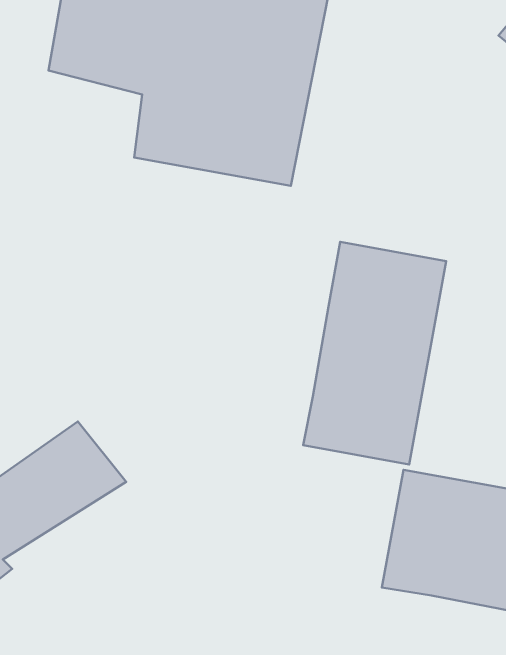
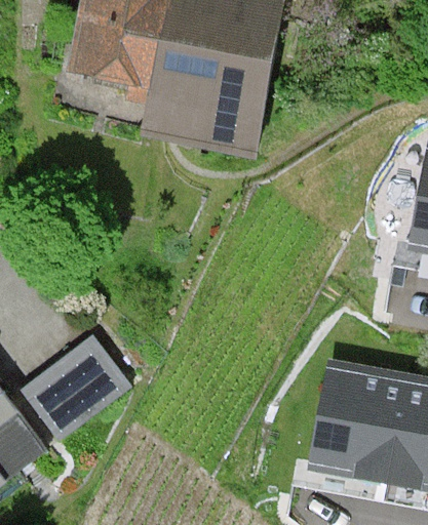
building: [303,242,446,464] -> none

